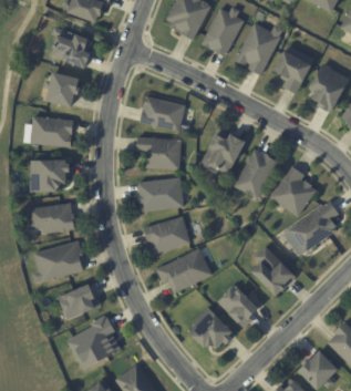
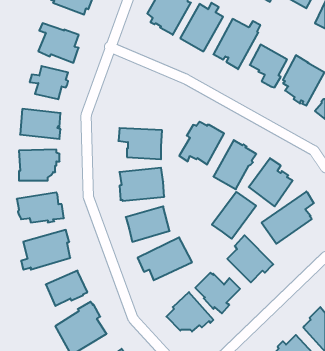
building: [138,94,185,130] -> none
building: none -> [212,192,256,239]

